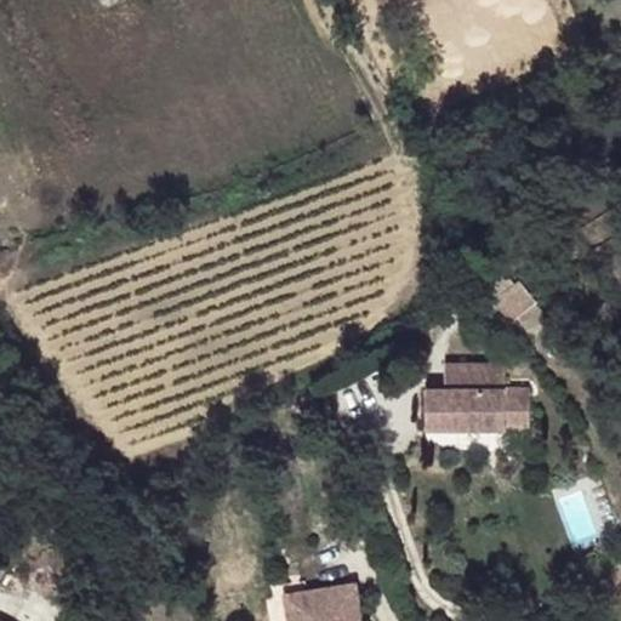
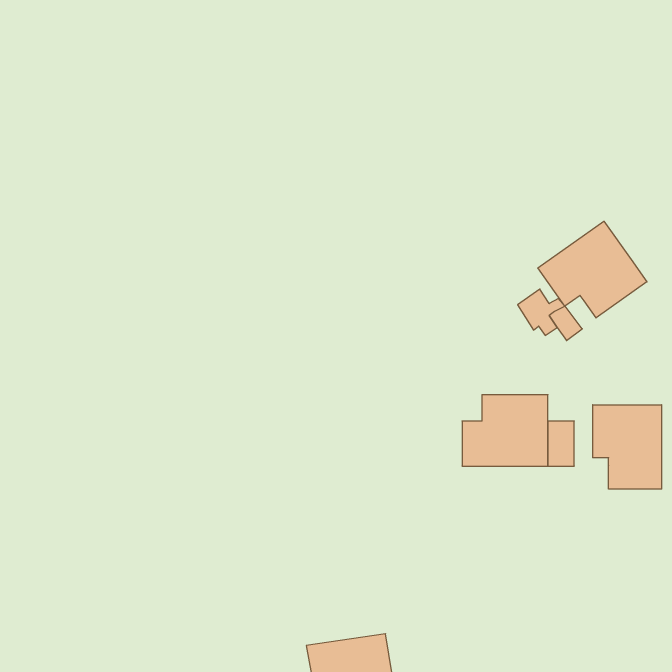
building: none -> [538,221,647,318]
building: none -> [593,405,662,489]

